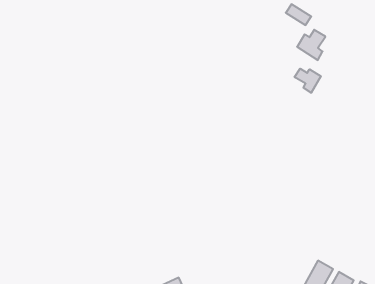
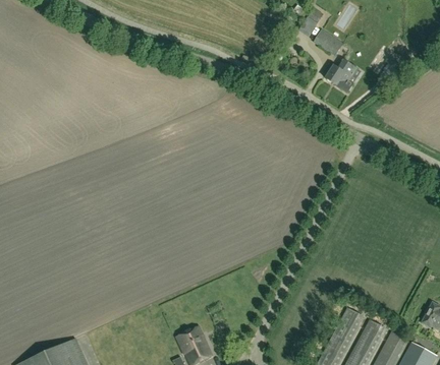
building: [295,69,321,93] -> none

